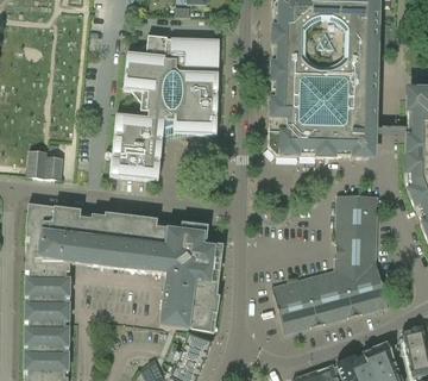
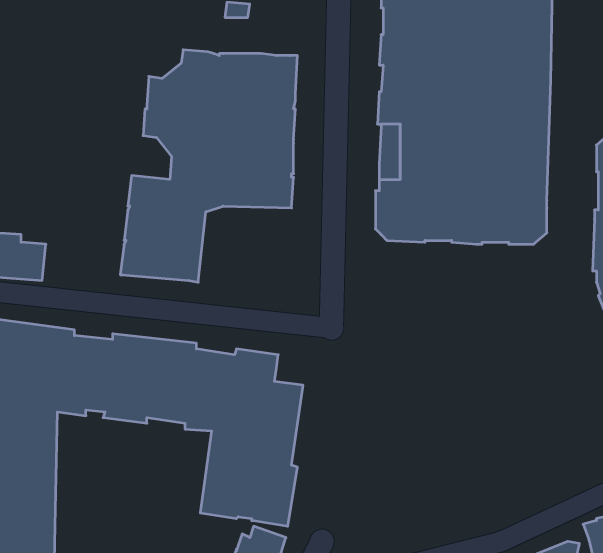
building: [271,196,386,336] -> none

